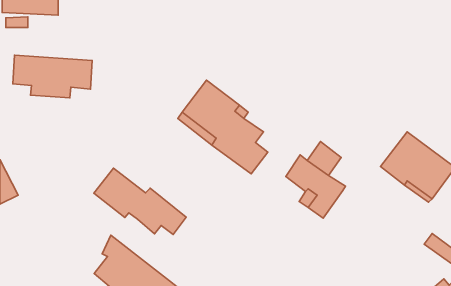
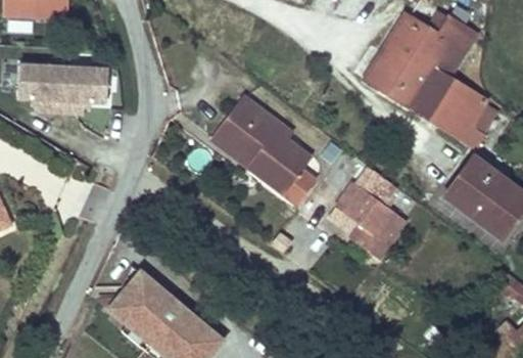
building: none -> [367,11,501,149]
building: [94,168,186,234] -> none

